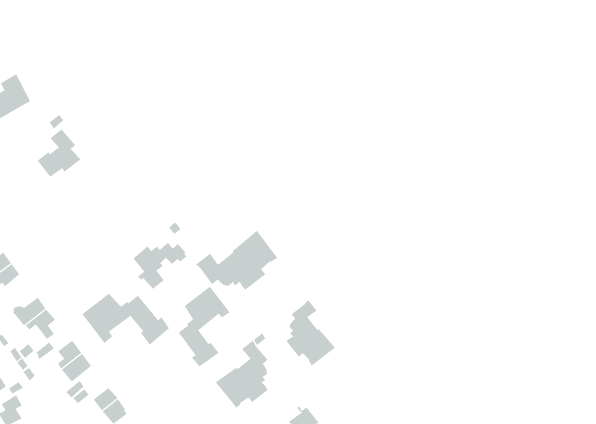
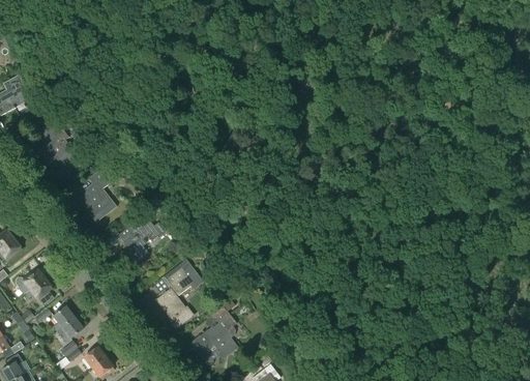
building: none -> [78,168,118,216]
building: [195,230,278,290] -> none
building: [81,293,170,345] -> none
building: [286,299,336,367] -> none

